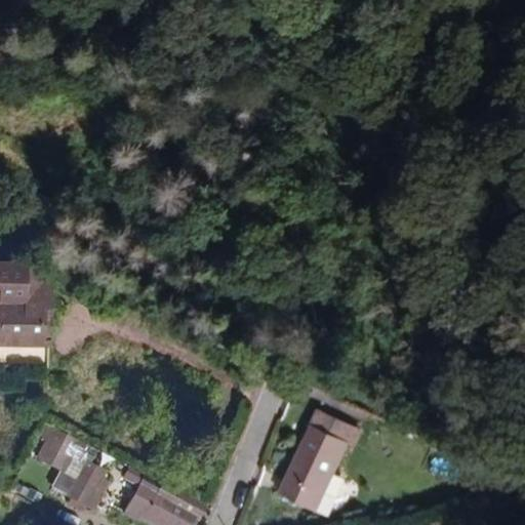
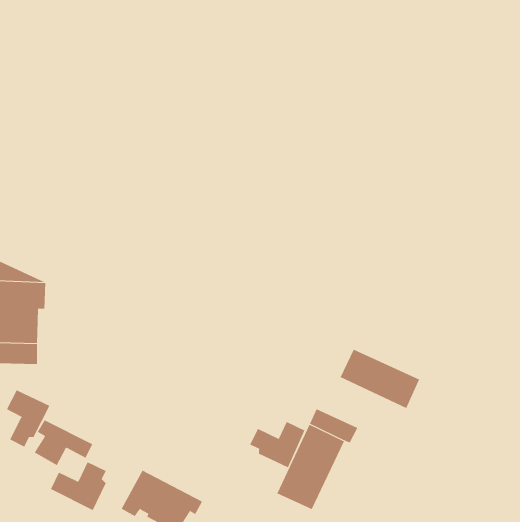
building: none -> [340,349,420,409]
building: none -> [6,389,50,447]
building: none -> [250,421,305,468]

